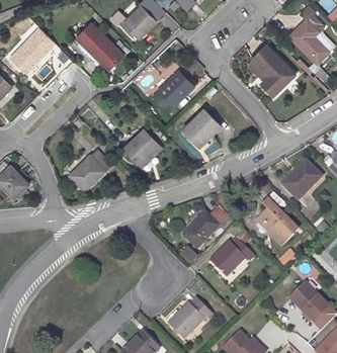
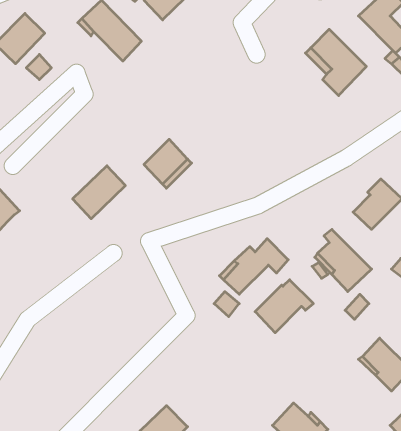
building: [153,70,193,106] -> none
building: [183,108,220,146] -> none
building: [169,297,212,337] -> none

